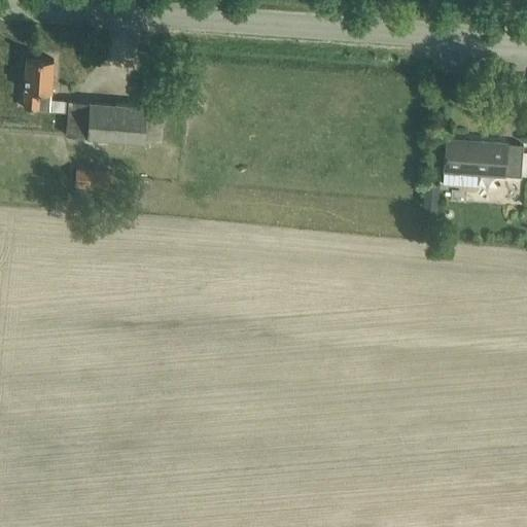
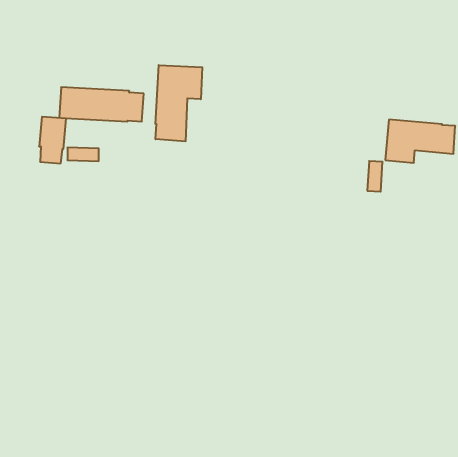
building: [23,58,54,111] -> [39,117,66,163]
building: none -> [156,65,202,141]

